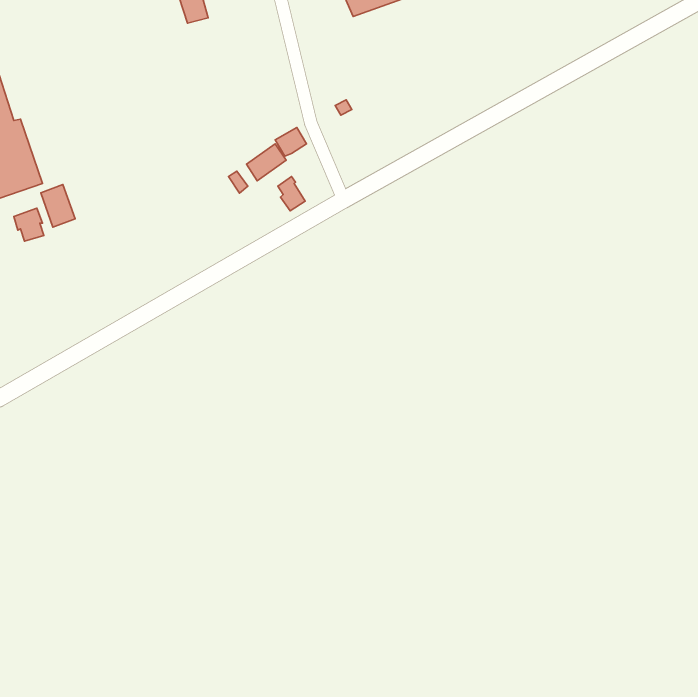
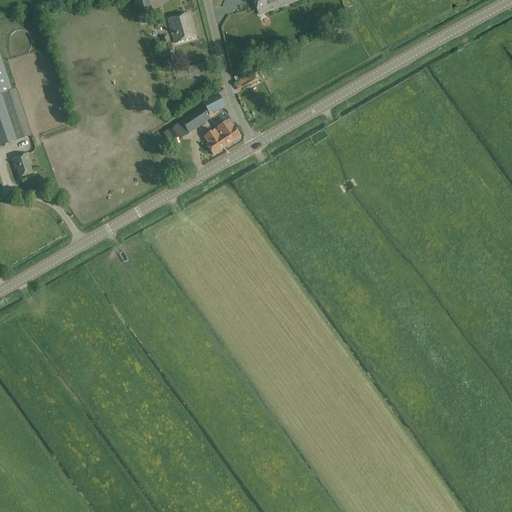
building: none -> [167,12,194,42]
building: none -> [213,118,239,147]
building: [41,184,75,227] -> none

